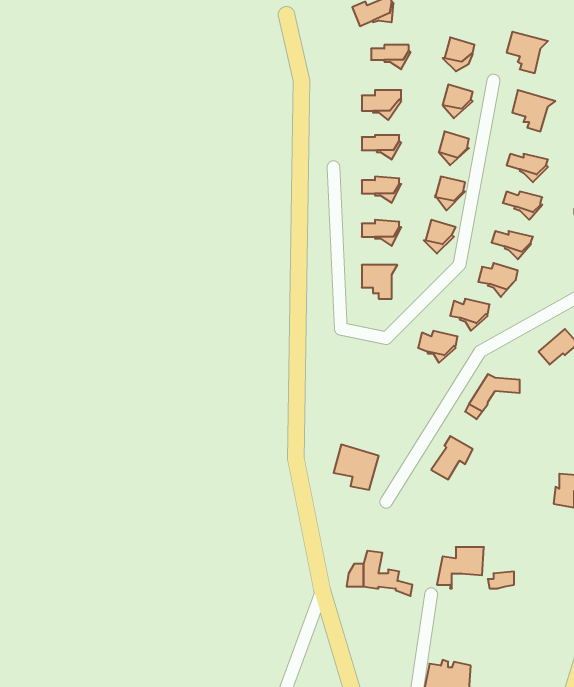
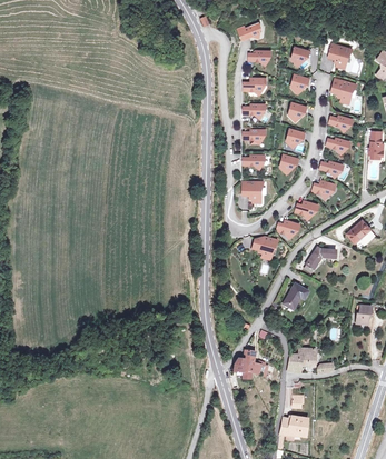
building: [334,445,379,490] -> [250,233,277,260]

